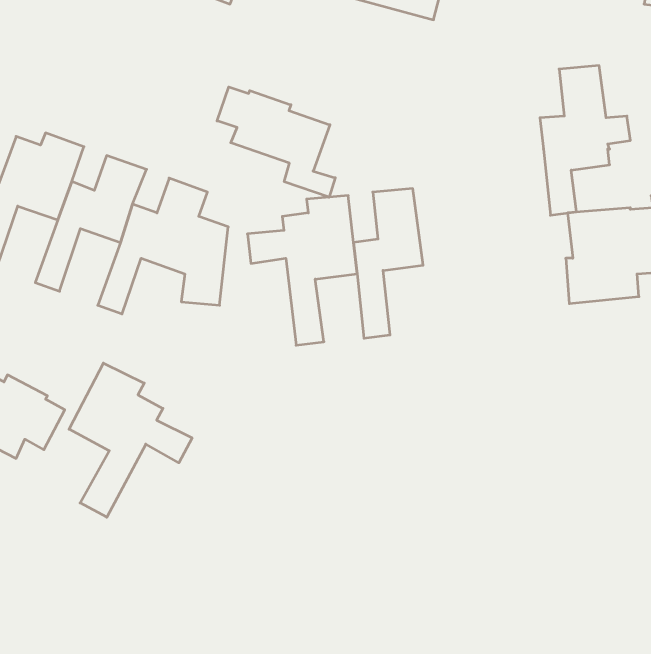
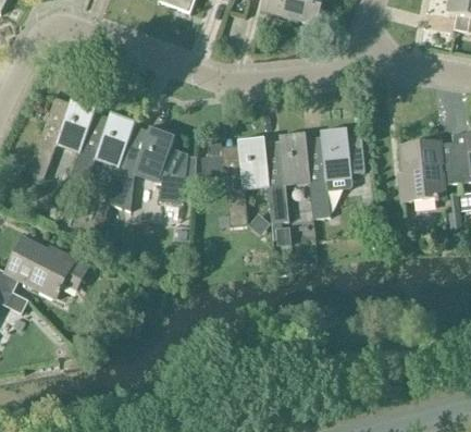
building: [540,66,630,215] -> [308,125,364,219]
building: [217,87,335,197] -> none
building: [69,363,192,517] -> none

